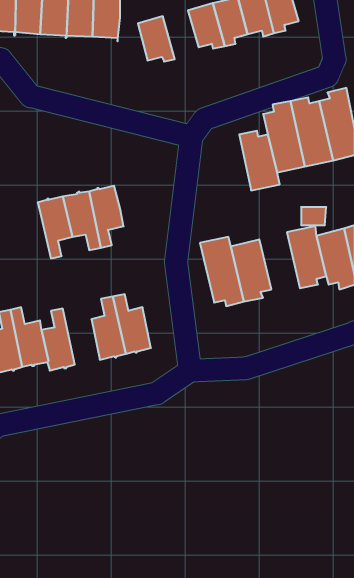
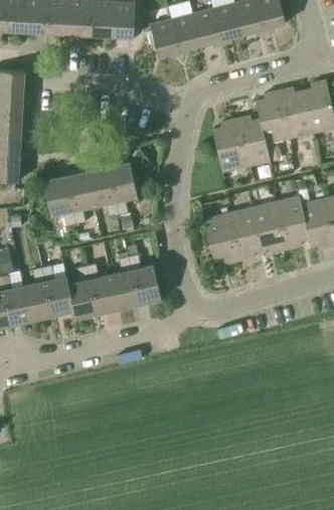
building: none -> [171,14,201,55]
building: none -> [212,119,245,172]
building: none -> [43,176,76,226]
building: none -> [253,201,287,252]
building: none -> [87,263,118,313]

